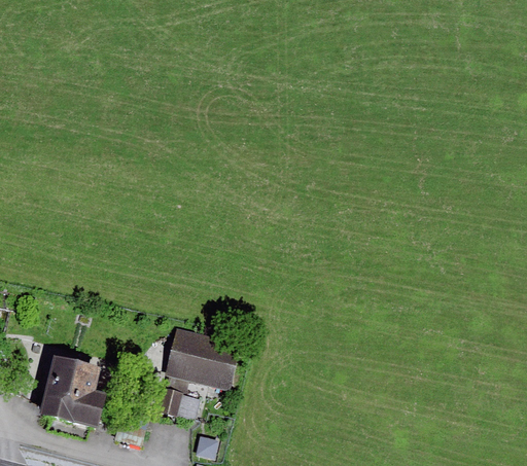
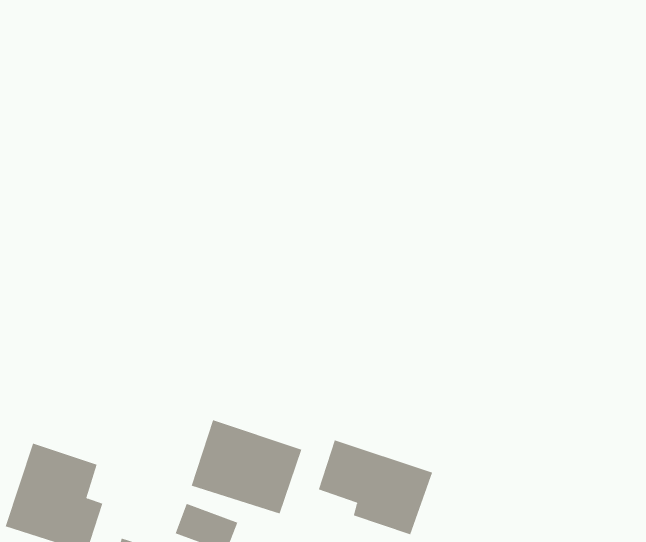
building: none -> [318,439,433,535]

